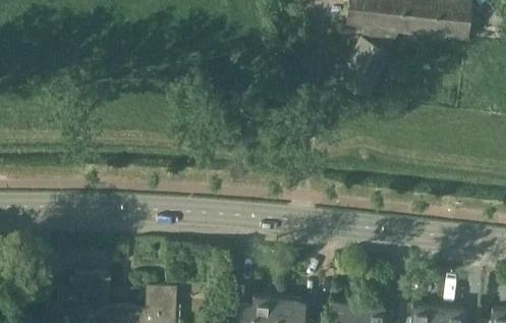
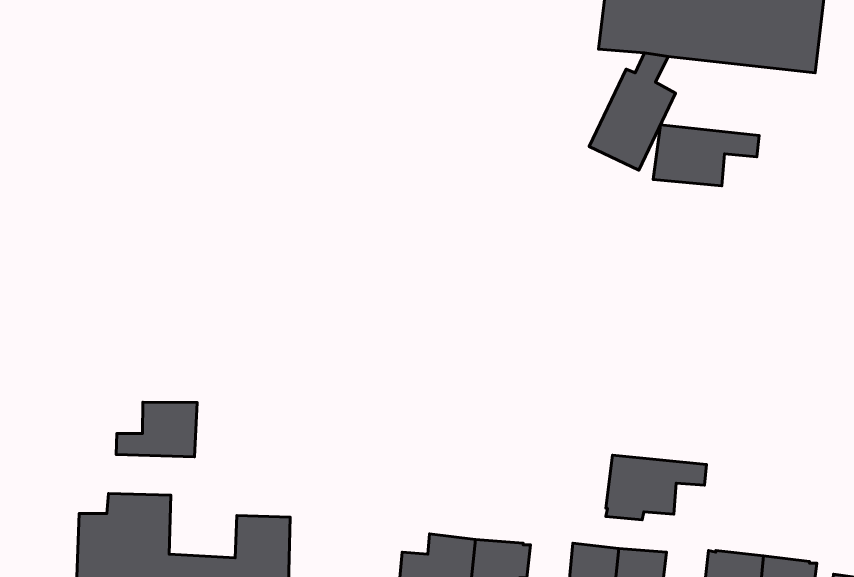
building: none -> [653,125,759,186]
building: none -> [116,402,197,457]
building: none -> [606,455,707,520]

